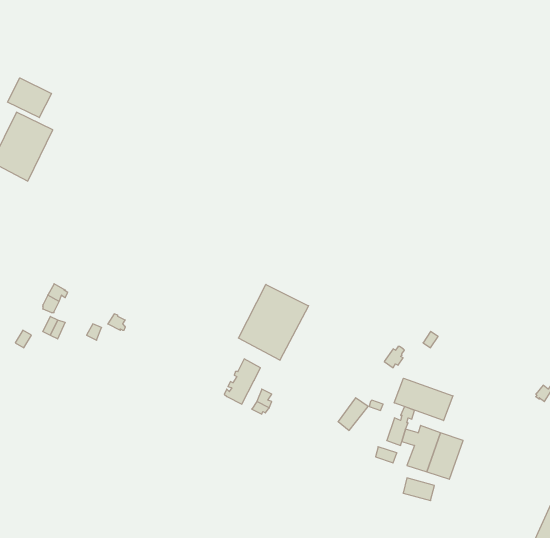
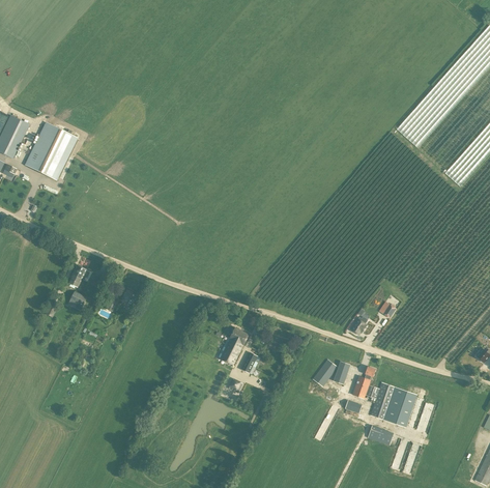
building: [8,78,51,118] -> none
building: [238,284,309,360] -> none
building: [394,378,453,421] -> none

